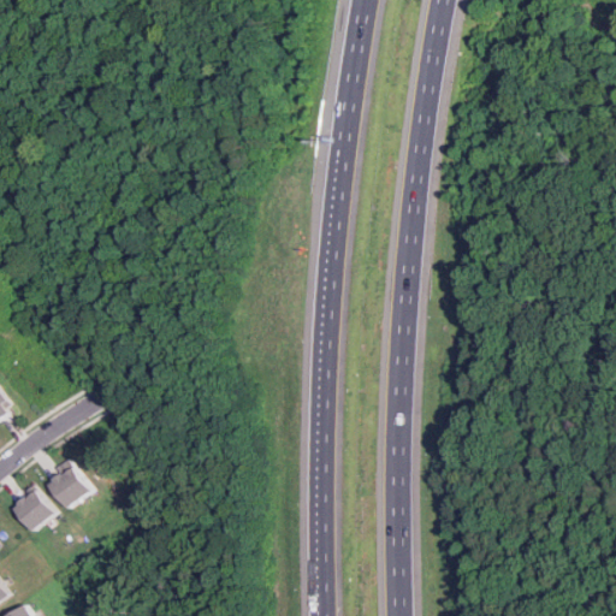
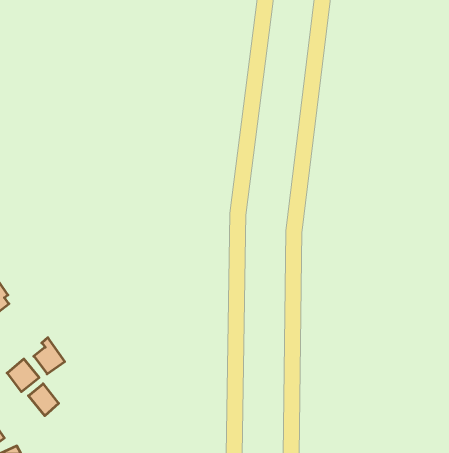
building: none -> [28,384,59,416]

